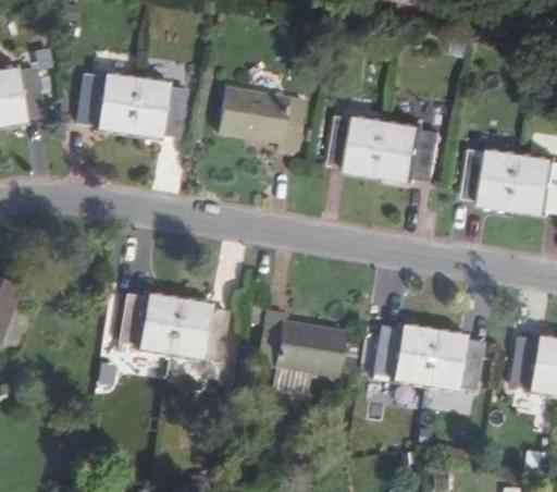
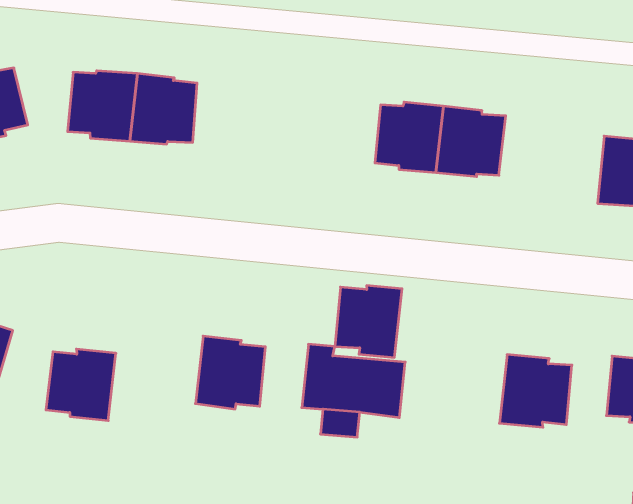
building: [216,89,305,153] -> none
building: [462,149,520,209] -> none
building: [116,294,177,355] -> [46,349,116,421]
building: [370,325,429,386] -> [335,286,402,357]

